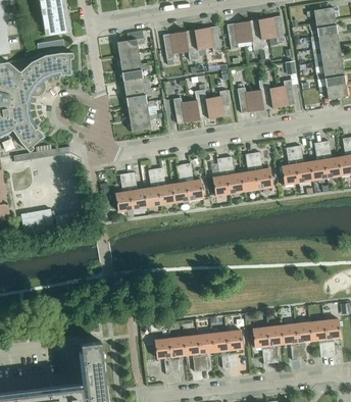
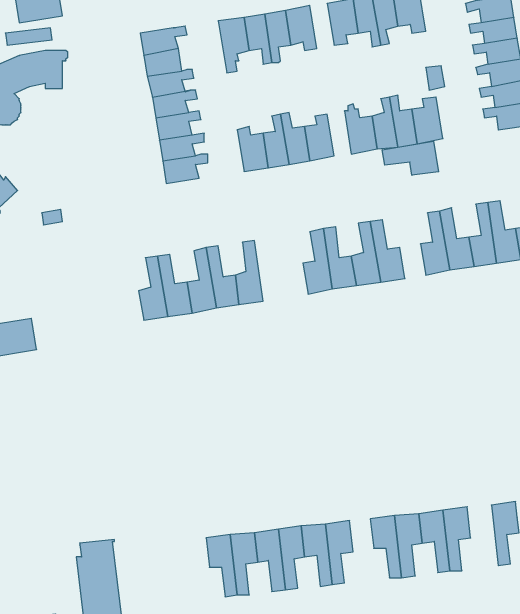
building: none -> [382,141,439,175]
building: [184,163,203,200] -> none
building: [309,320,328,357] -> none

